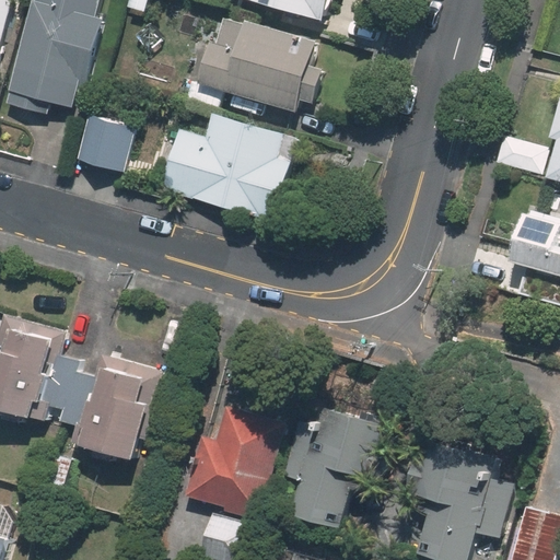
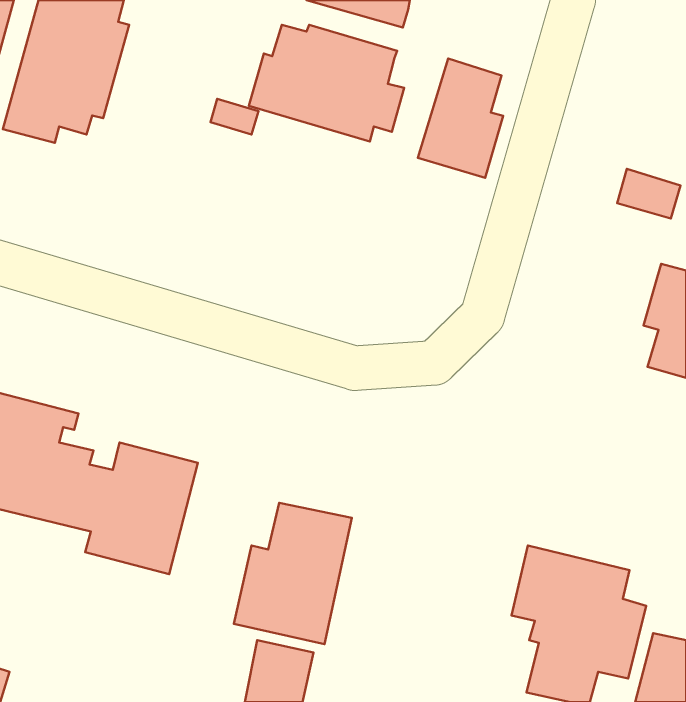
building: none -> [418,59,503,178]
building: [73,112,132,172] -> none
building: [159,114,299,224] -> none
building: [278,406,390,524] -> none

